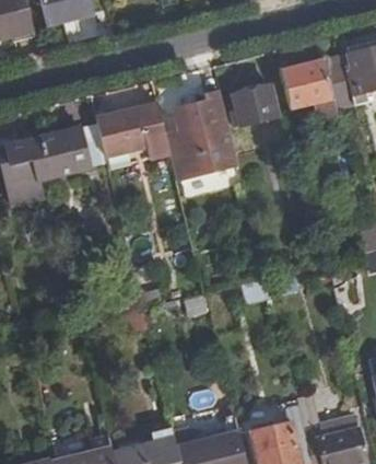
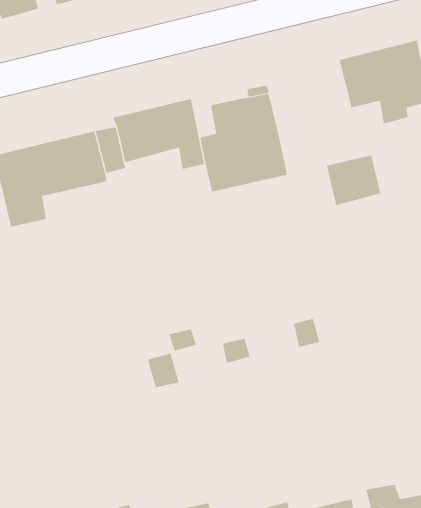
building: [237,83,282,125] -> [326,155,381,206]

